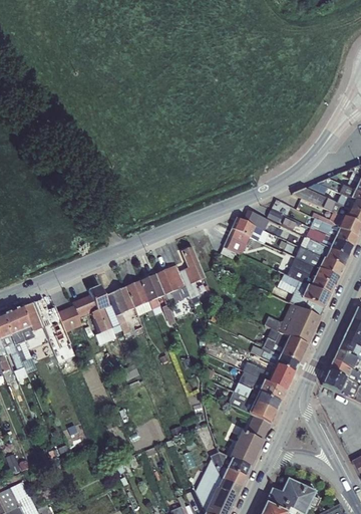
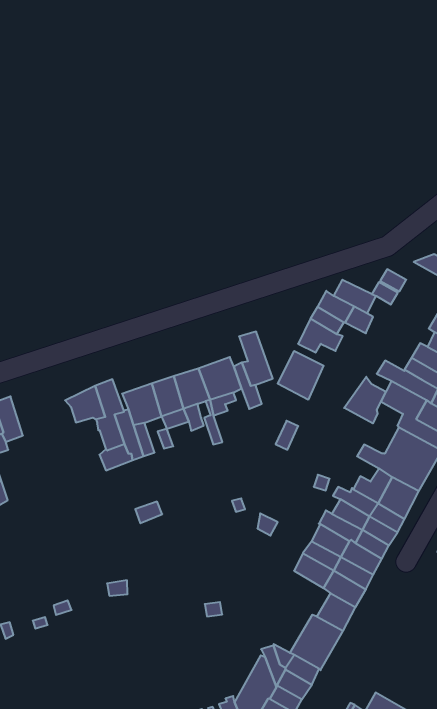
building: none -> [278,351,324,400]
building: none -> [344,377,386,423]
building: [57,305,82,331] -> none

